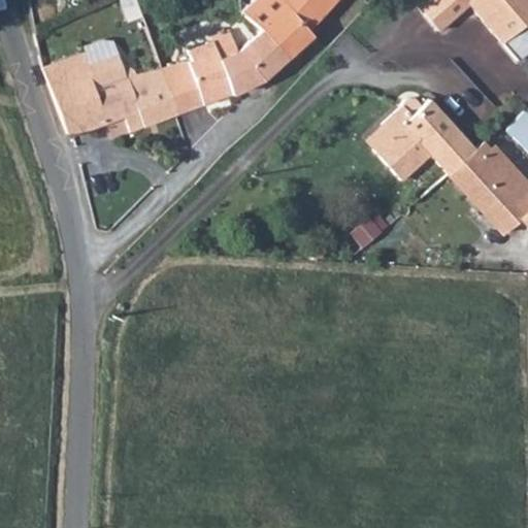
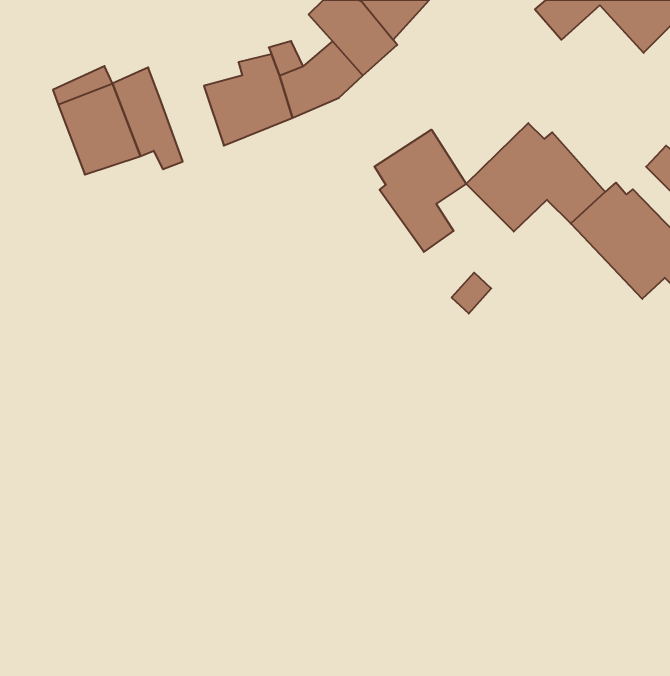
building: [130,67,179,126] -> none
building: none -> [374,130,466,252]

